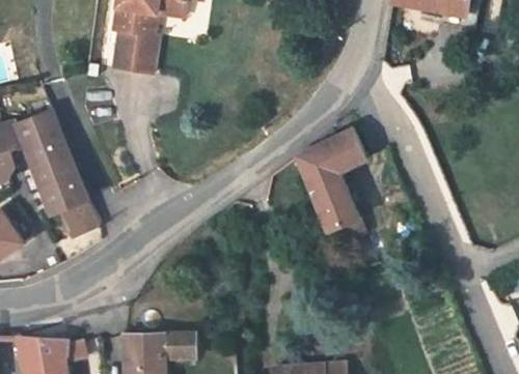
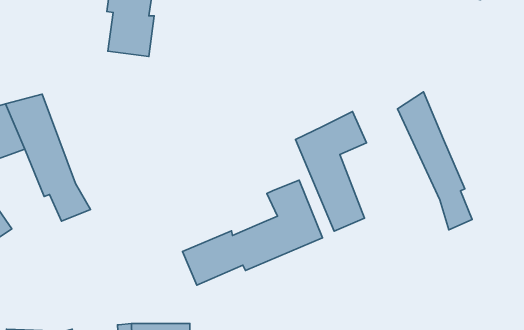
building: none -> [398,92,472,230]
building: none -> [183,180,323,285]

